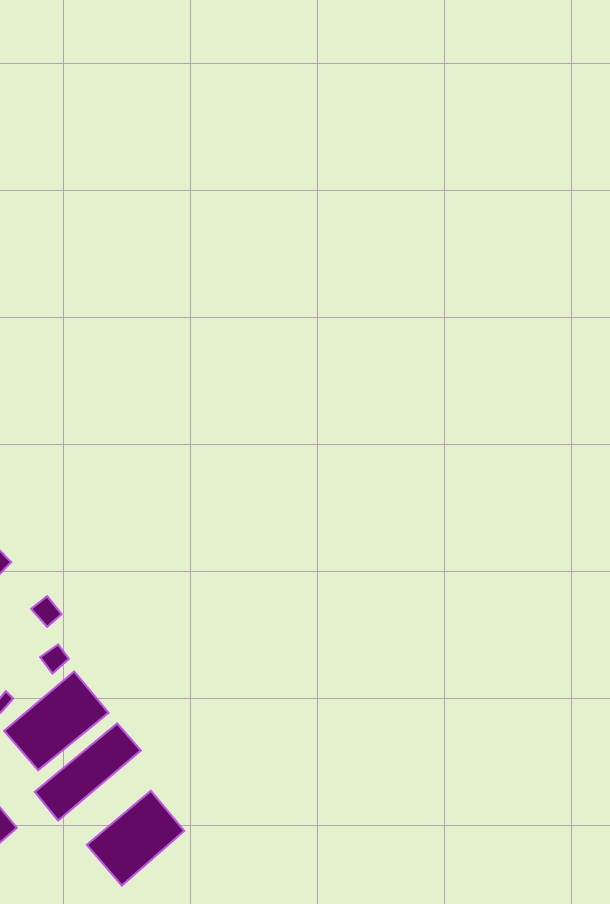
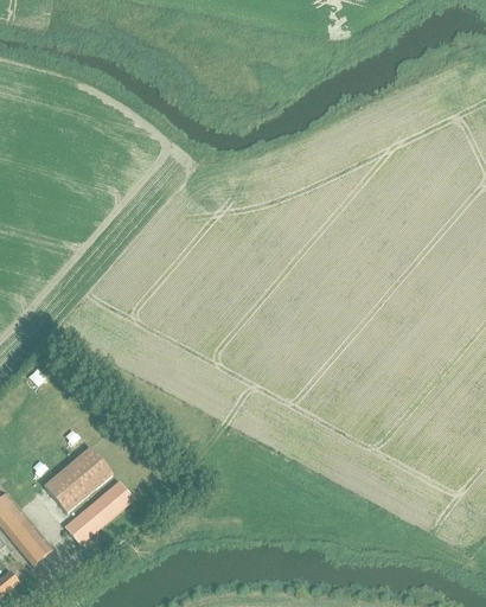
building: [87,791,184,885] -> none

